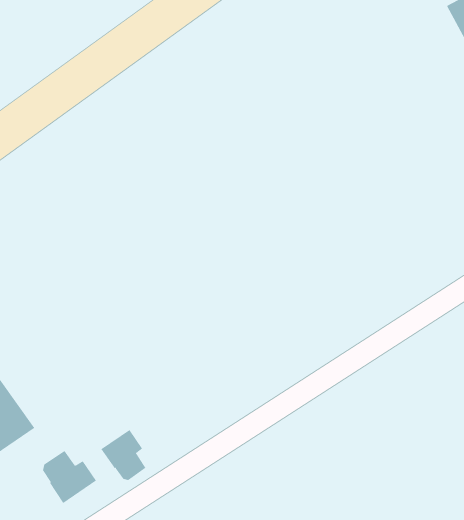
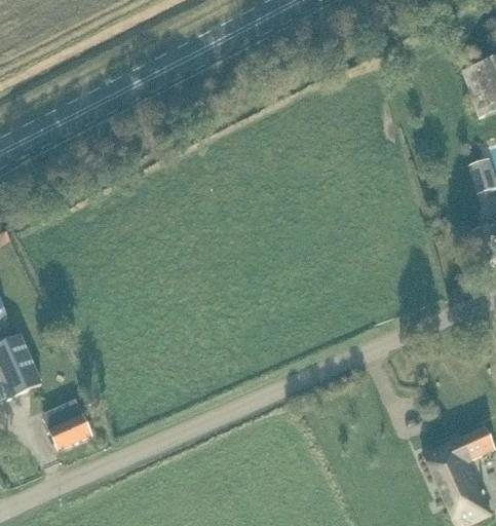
building: [101,429,146,481] -> none

